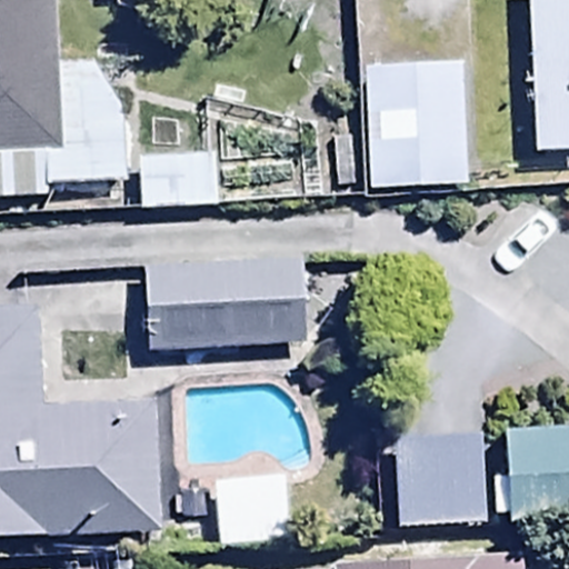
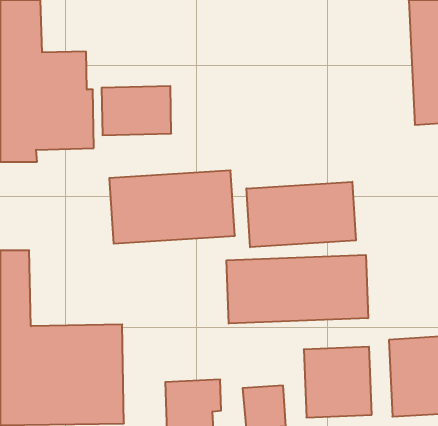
building: [362,46,469,172] -> none
building: none -> [246,182,356,247]
building: none -> [227,255,368,324]

